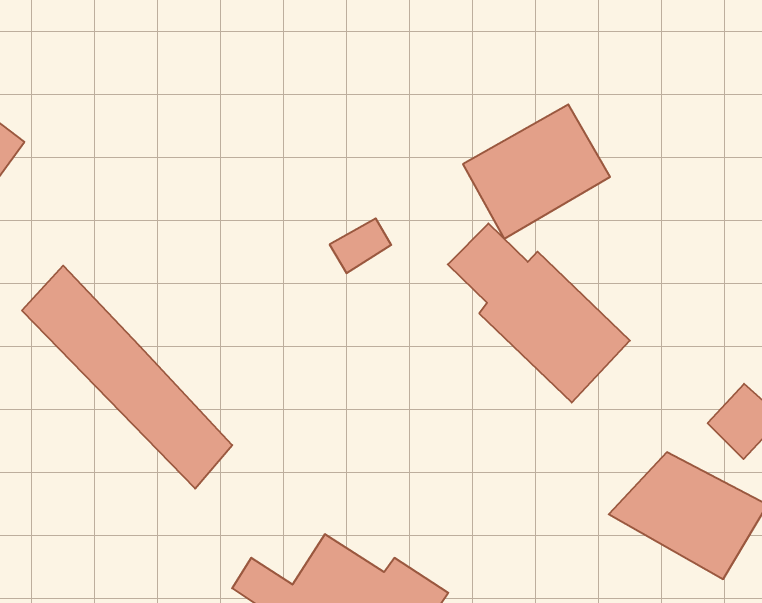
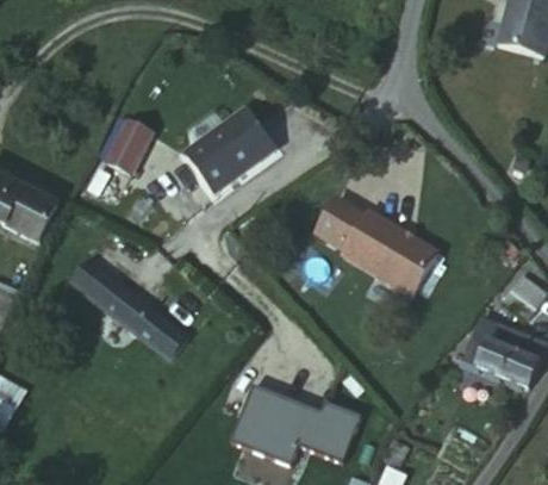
building: none -> [112,128,157,174]
building: [463,104,610,239] -> [189,104,279,191]
building: none -> [232,388,274,434]

